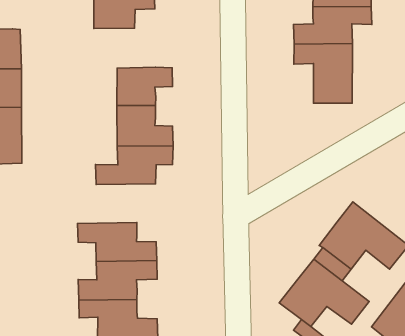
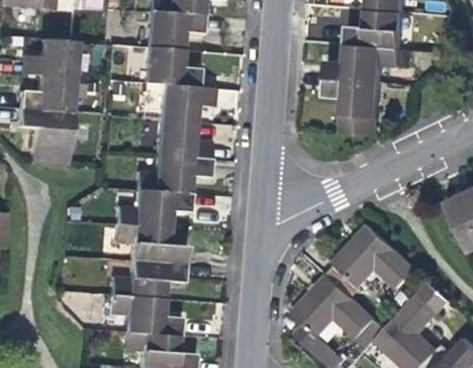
building: none -> [141,47,199,87]
building: none -> [114,190,189,228]

